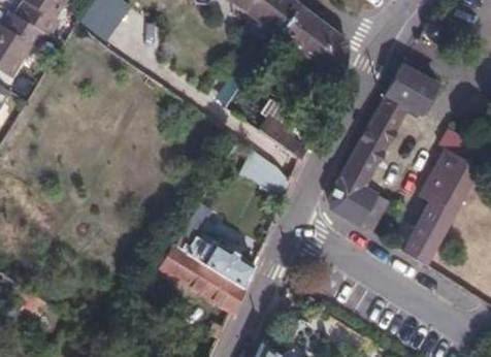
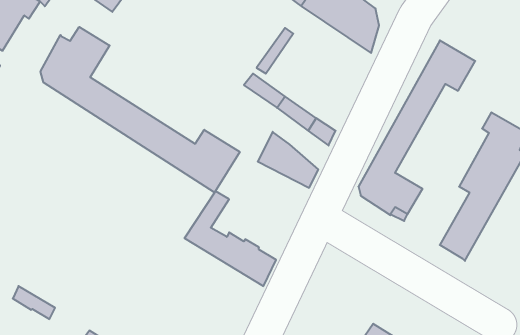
building: none -> [41,27,240,193]
building: [160,246,244,312] -> none

